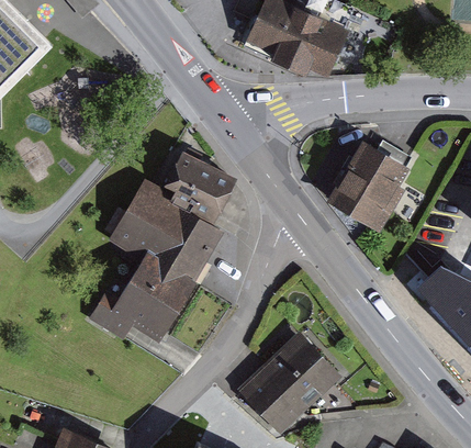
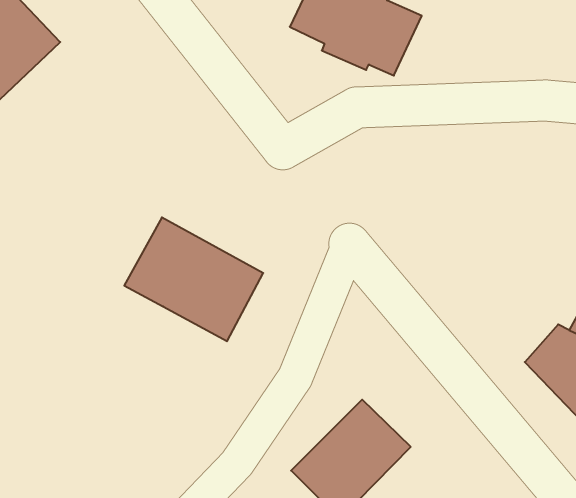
building: [332,142,415,232] -> none
building: [166,159,236,223] -> none
building: [82,259,191,344] -> none

